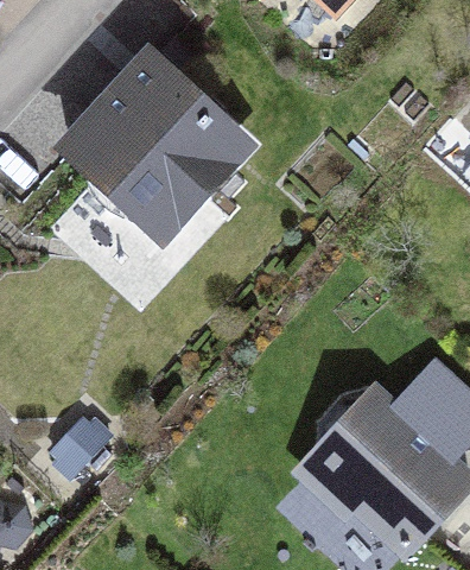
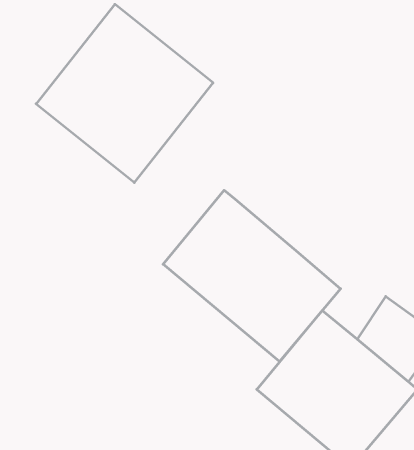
building: none -> [163,190,341,362]

